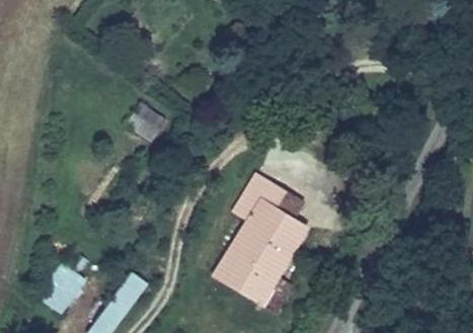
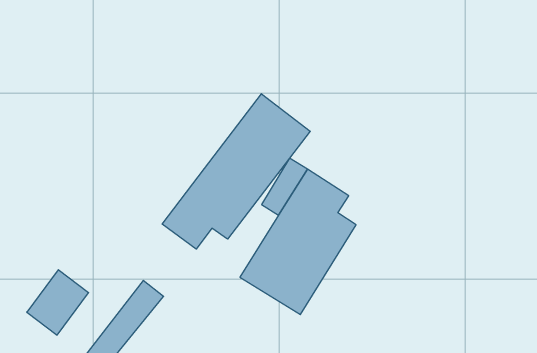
building: [125,100,168,144] -> none
building: none -> [162,94,310,249]

